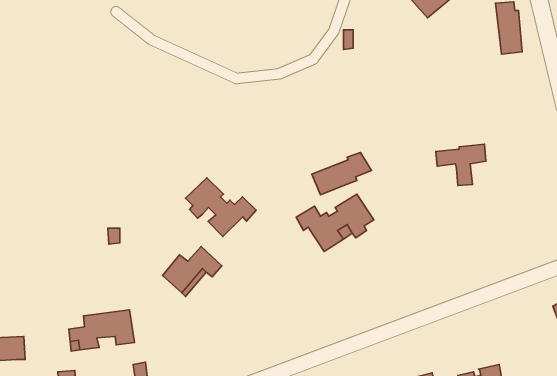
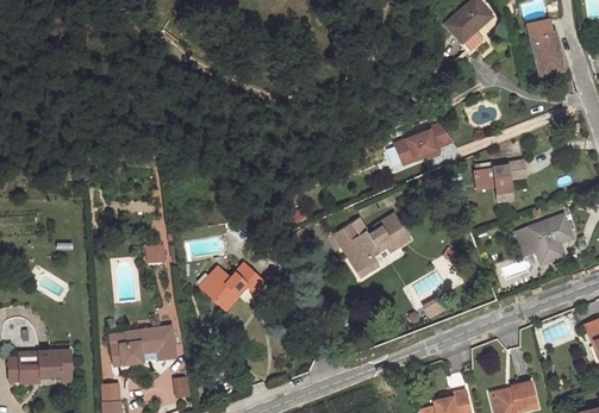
building: [312,152,371,195] -> [395,123,454,164]
building: [185,178,256,236] -> none
building: none -> [517,215,573,256]

